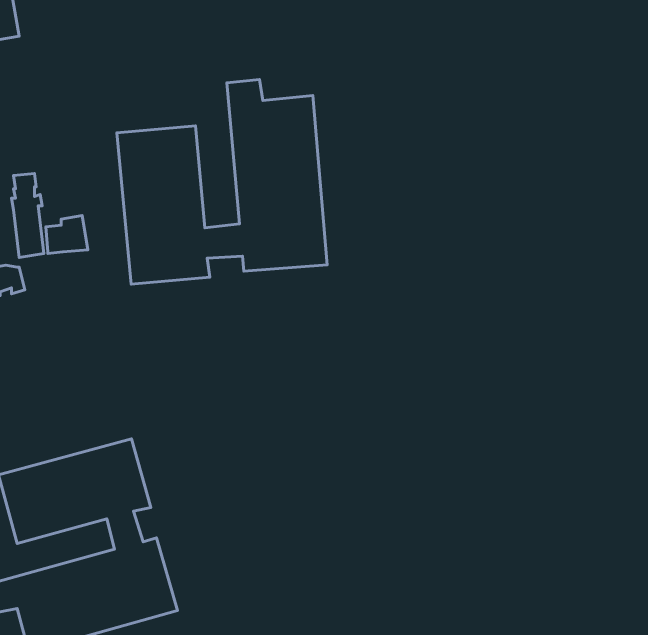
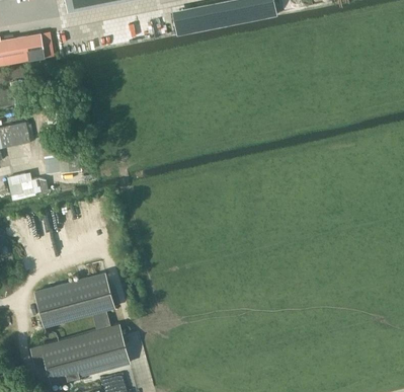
building: [117,80,327,284] -> none

